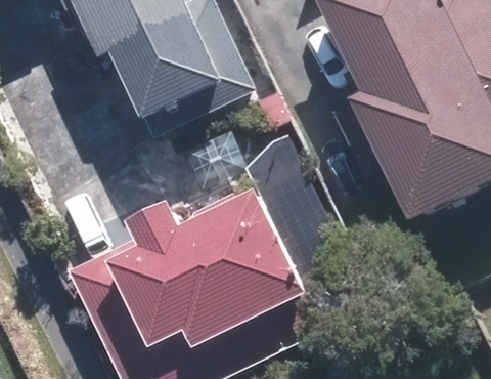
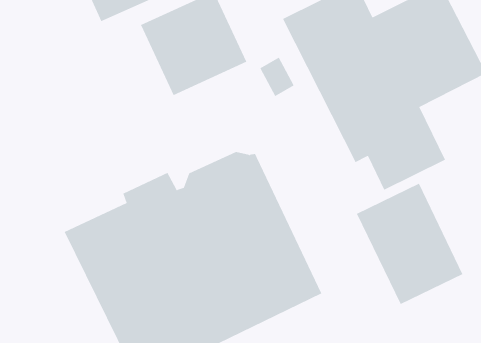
building: none -> [356,183,463,305]

